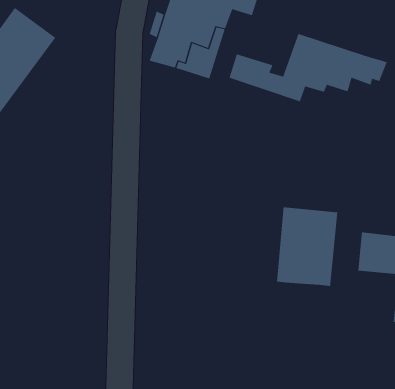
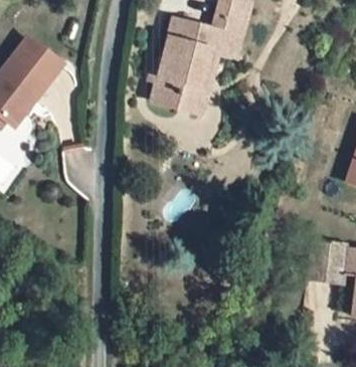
building: [229,33,387,102] -> none
building: [277,207,338,287] -> none

